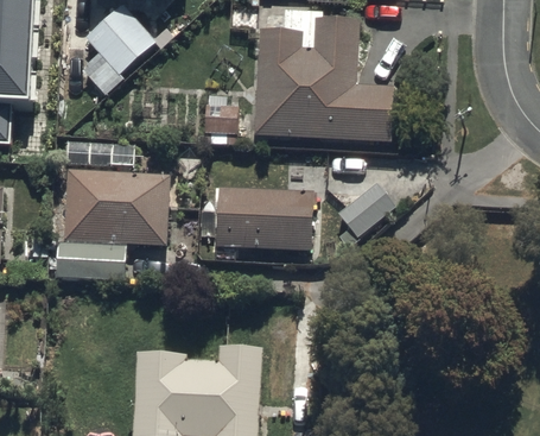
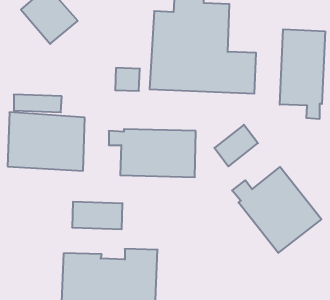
building: none -> [280,29,325,119]
building: none -> [232,167,321,253]
building: [57,244,125,280] -> [72,202,123,229]

